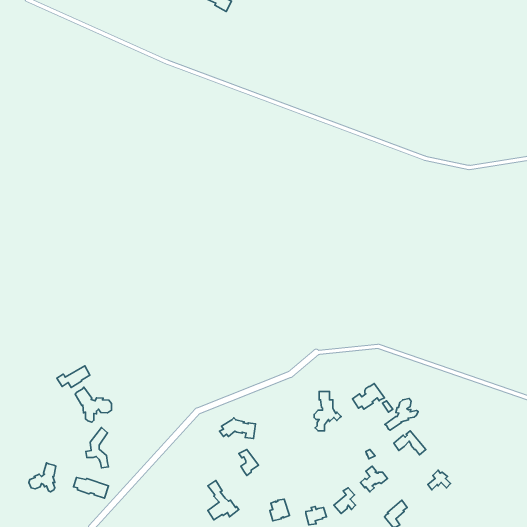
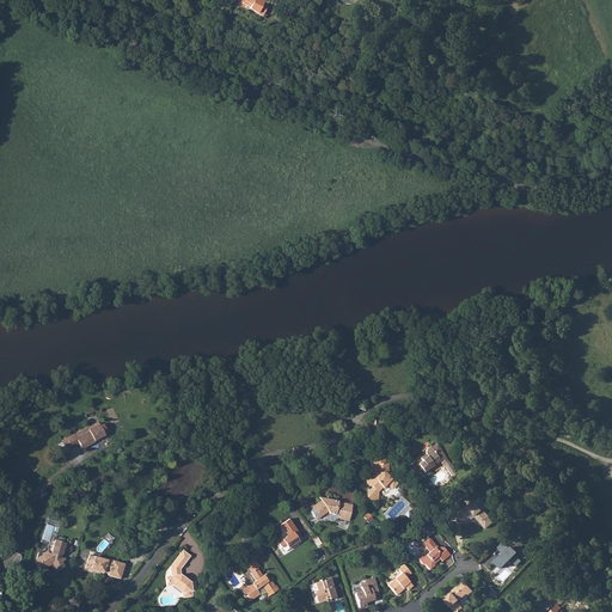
building: [75,387,111,422] -> none
building: [385,399,418,430] -> none
building: [219,418,256,438] -> [307,496,349,520]
building: [86,428,109,468] -> [165,550,191,596]

